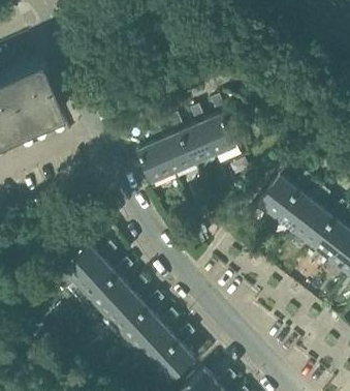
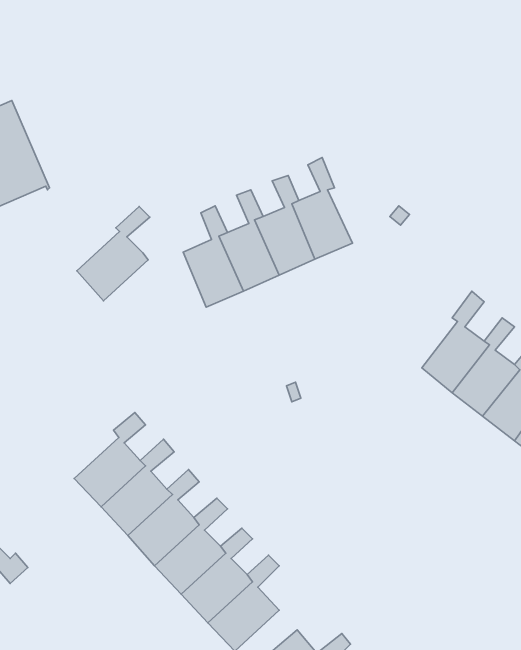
building: [261,167,300,223] -> none
building: [63,233,105,288] -> [77,207,150,301]

